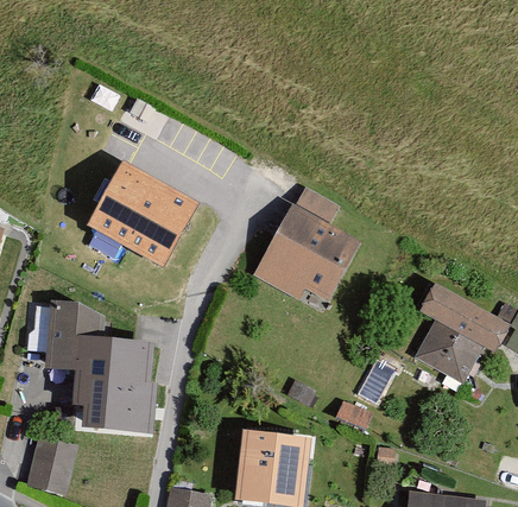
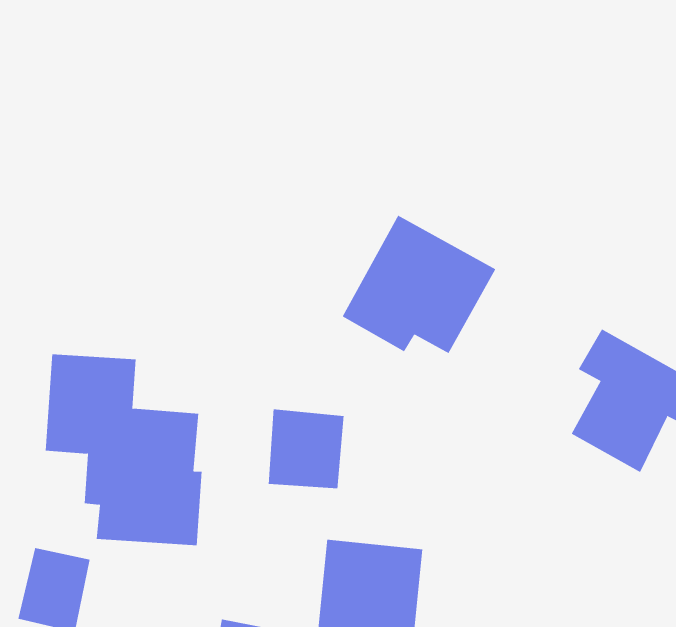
building: [87,161,198,267] -> none
building: none -> [268,408,344,489]

